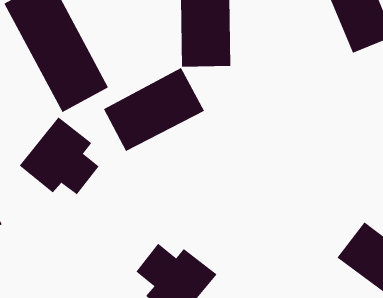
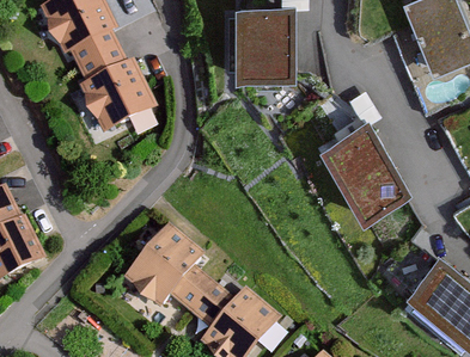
building: [103,67,205,152] -> none
building: none -> [323,127,417,229]
building: [19,116,100,195] -> [122,228,213,316]

